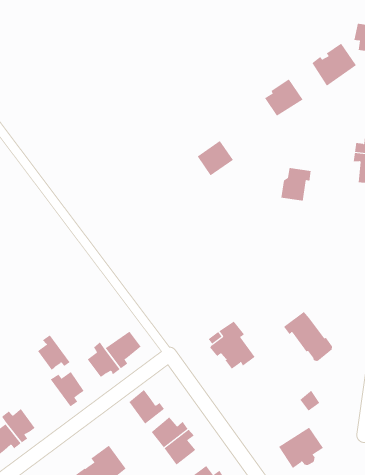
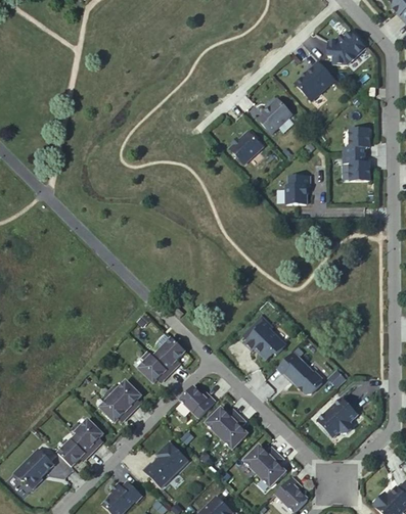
building: [197,140,234,176] -> [230,130,263,162]
building: [283,311,333,361] -> [276,352,322,393]
building: [37,334,70,371] -> [99,391,130,423]

